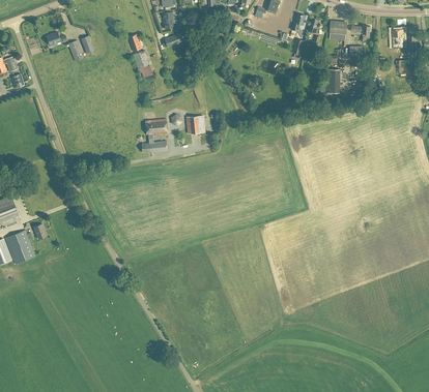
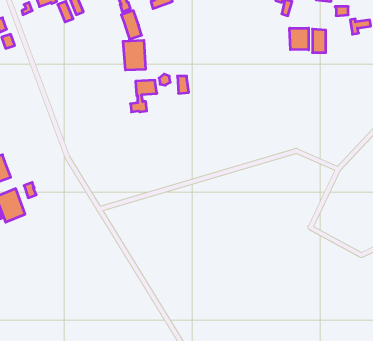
building: none -> [290,28,309,50]
building: none -> [123,40,145,70]

